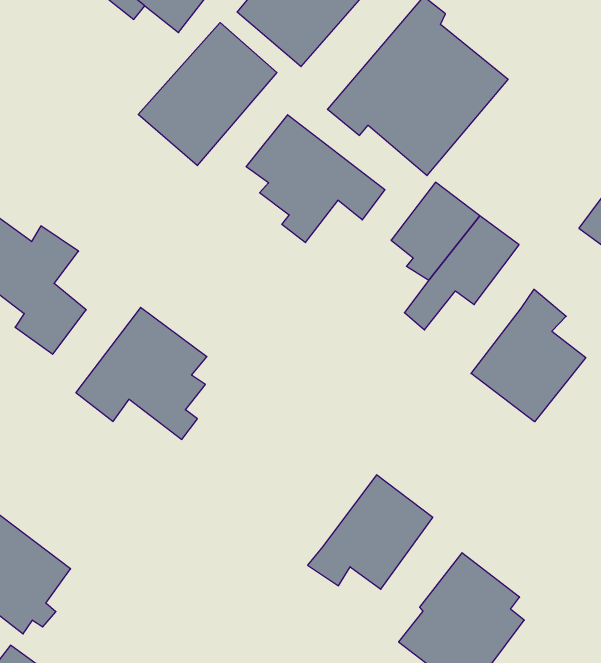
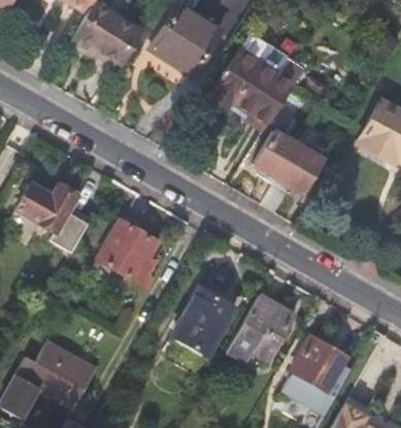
building: [138,23,277,166] -> none
building: [246,115,385,243] -> none
building: [471,289,586,422] -> none
building: none -> [170,287,235,355]

